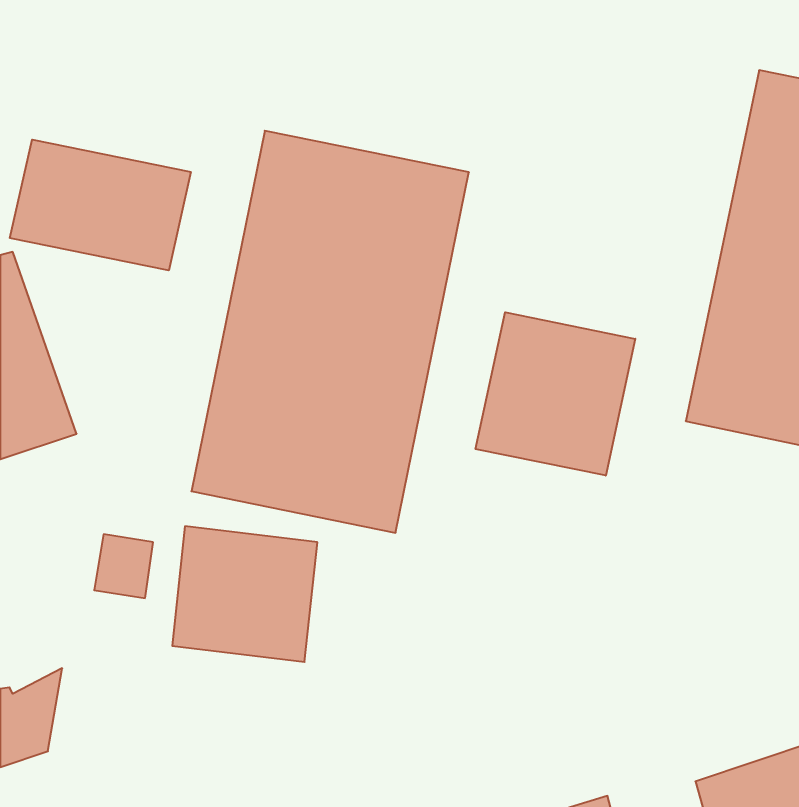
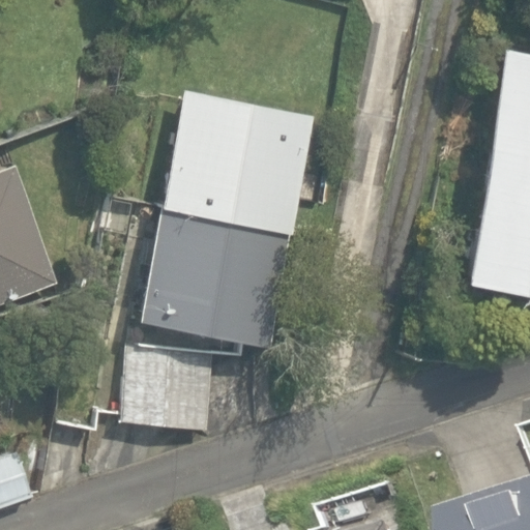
building: [10,140,191,270] -> none
building: [476,312,635,476] -> none

